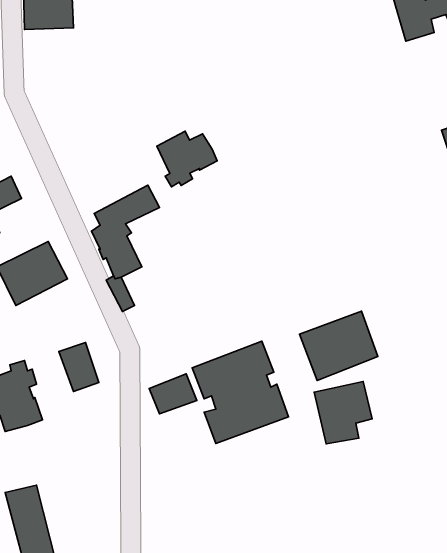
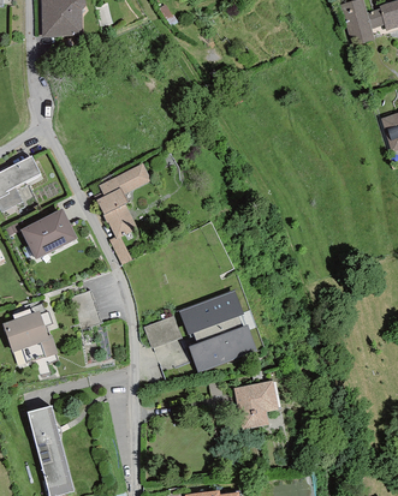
building: [157,131,217,187] -> none
building: [300,311,378,380] -> none
building: [314,382,372,444] -> [232,378,279,429]

